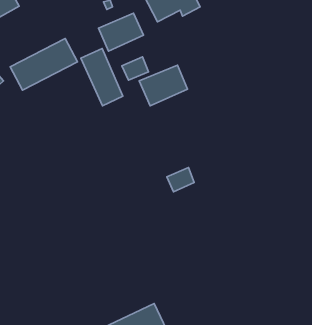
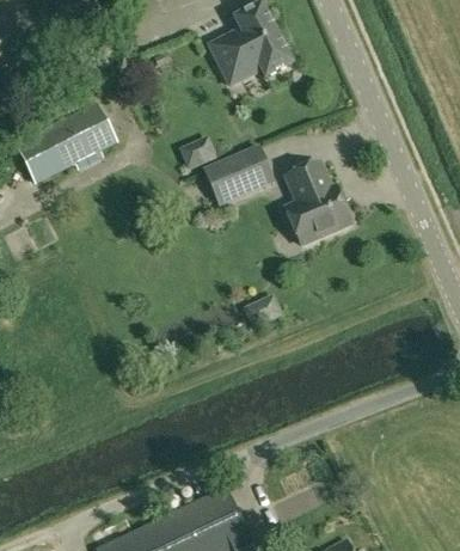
building: [98,13,144,51] -> none
building: [81,49,123,106] -> none
building: none -> [284,161,350,243]

